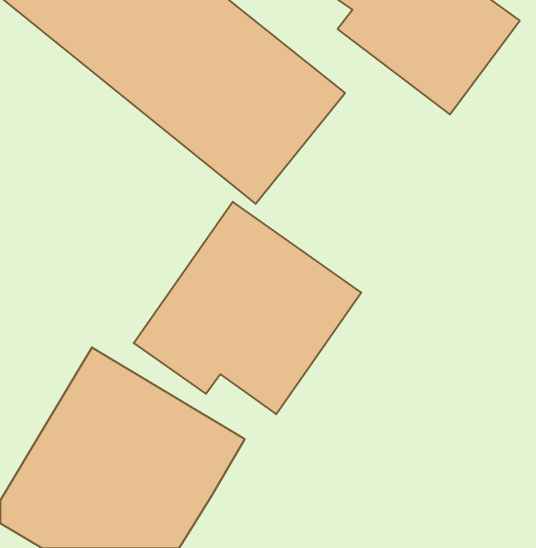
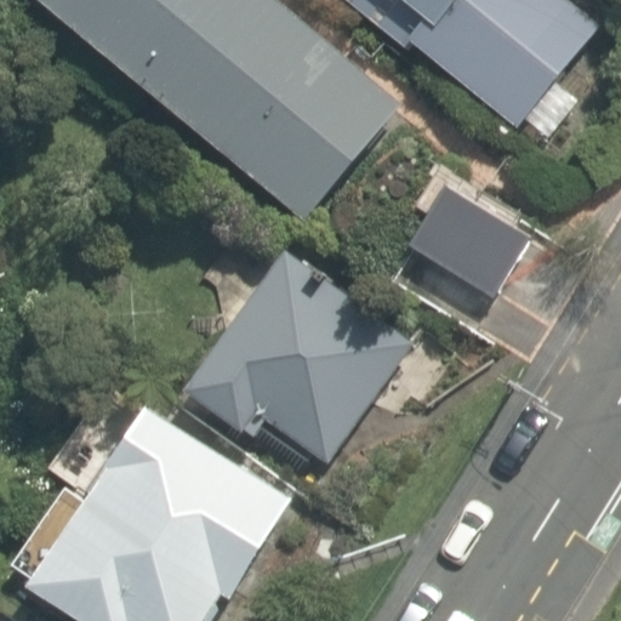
building: none -> [395,178,532,301]

